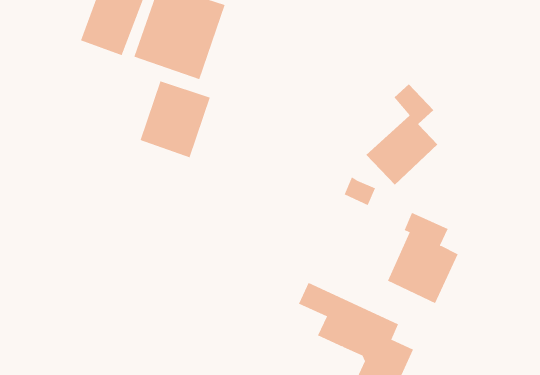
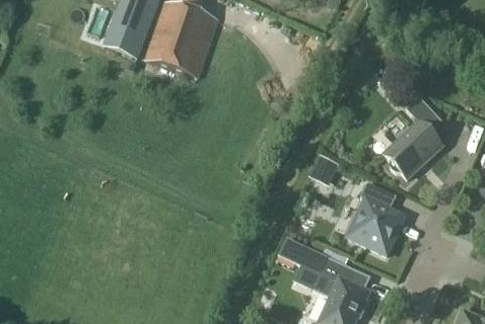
building: [140,80,210,158] -> none
building: [365,84,438,185] -> [385,96,442,177]

